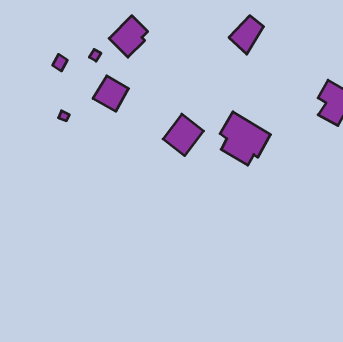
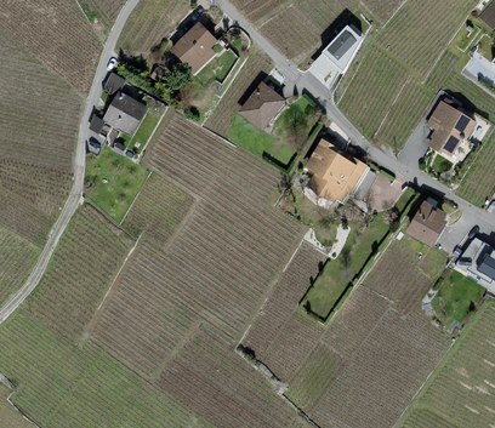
building: [93,76,129,111] -> [99,90,143,133]
building: [163,114,204,156] -> [238,81,288,132]
building: none -> [409,202,450,249]

